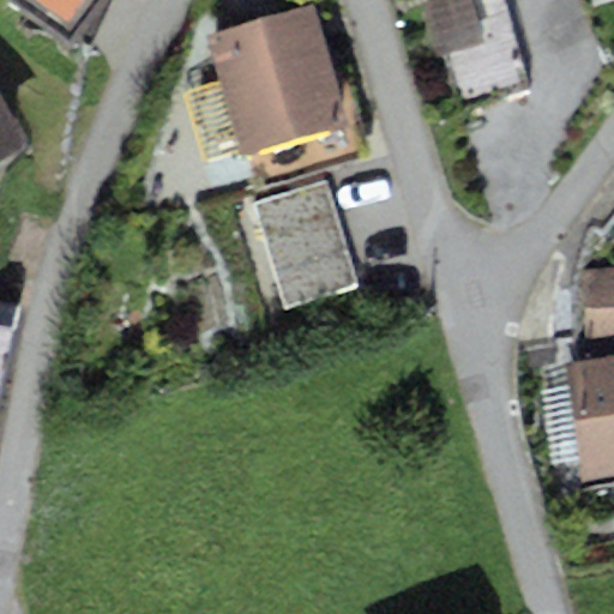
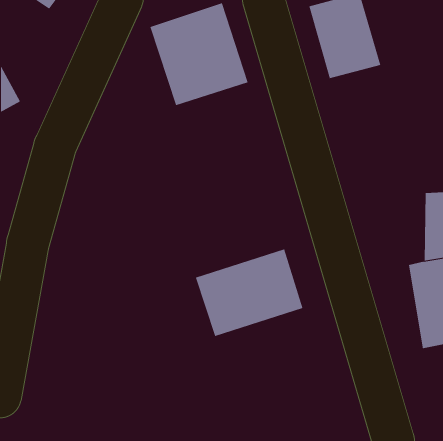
building: [248,173,363,314] -> none
building: none -> [195,248,303,337]

